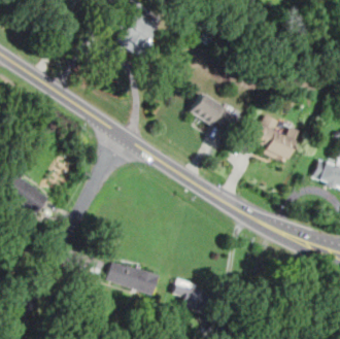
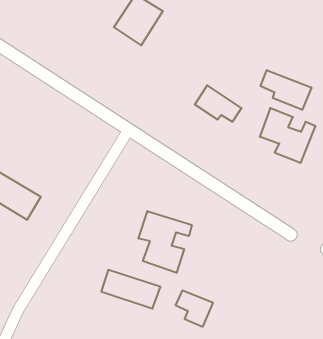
building: none -> [260,70,311,110]
building: none -> [138,211,192,273]

